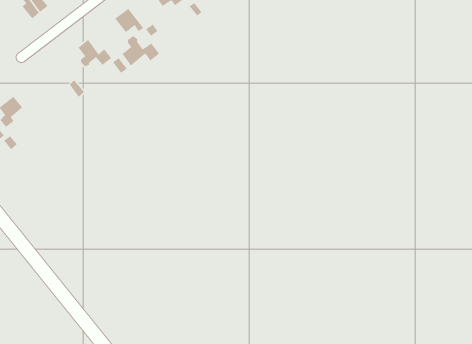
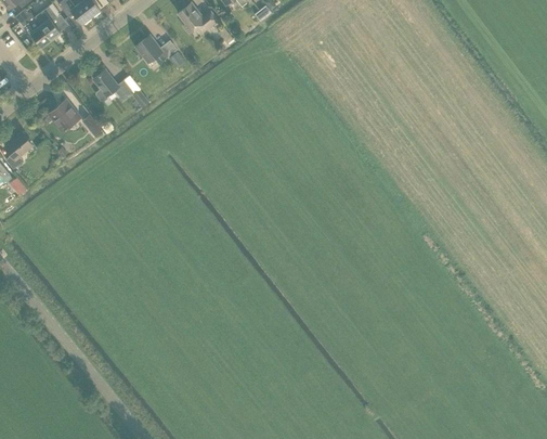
building: [121,36,160,66] -> none
building: none -> [48,99,79,130]

